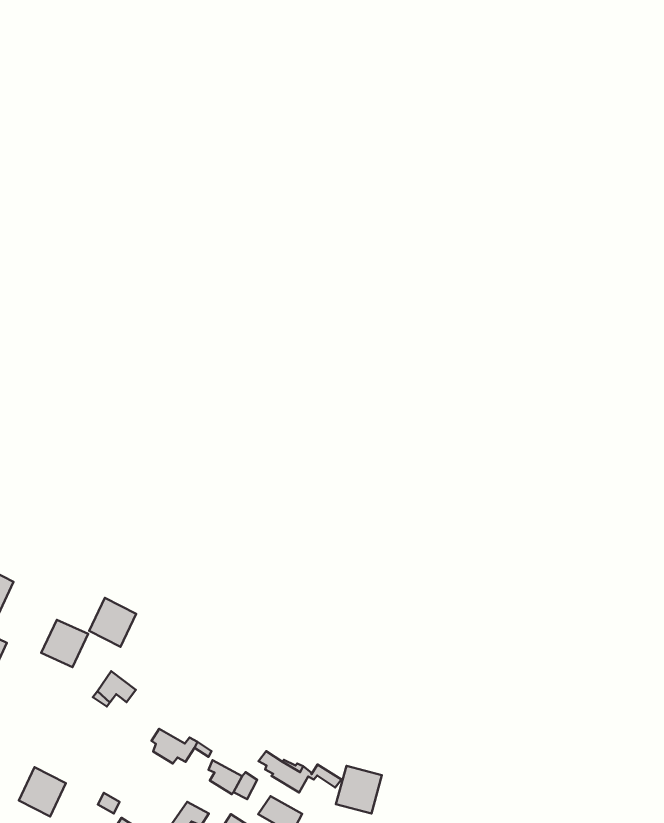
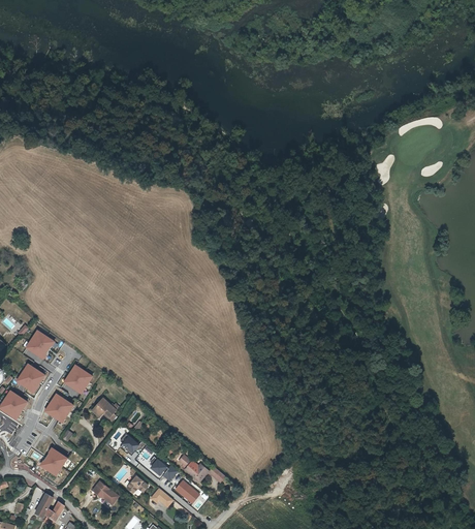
building: [89,598,136,647] -> [44,395,72,424]
building: [336,766,382,813] -> none

